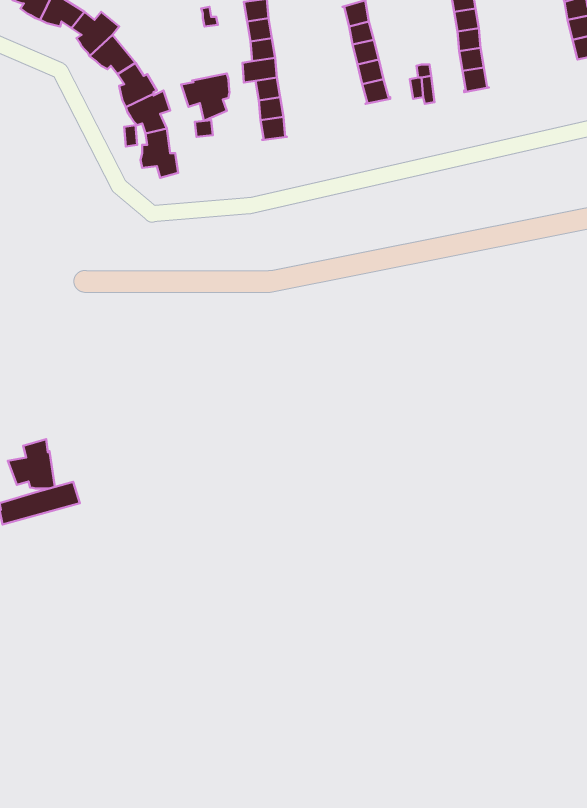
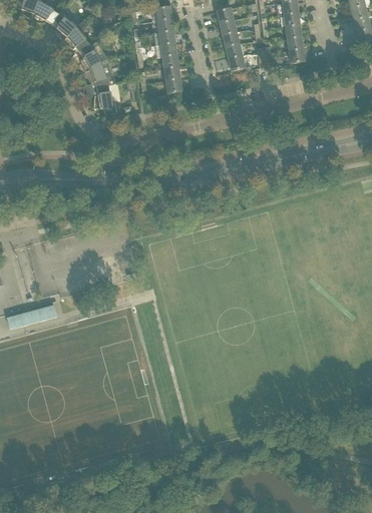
building: [181,73,229,121] -> none
building: [8,439,55,488] -> none

